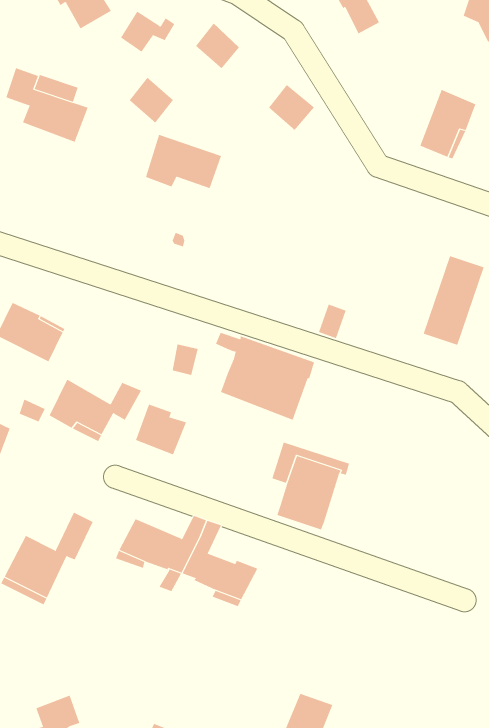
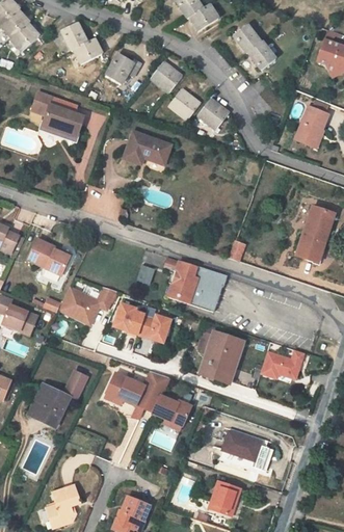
building: [129,77,174,123] -> [169,91,197,121]
building: none -> [138,313,171,343]
building: none -> [259,352,303,381]
building: none -> [224,429,273,469]

